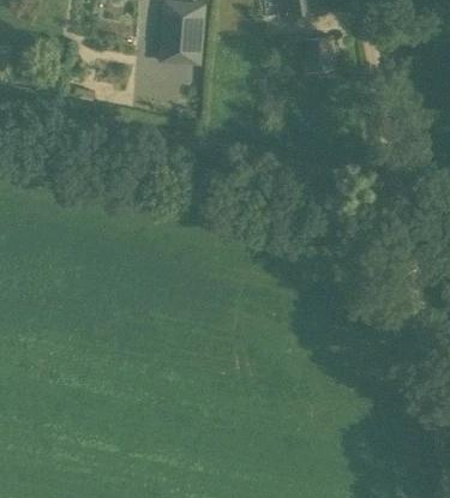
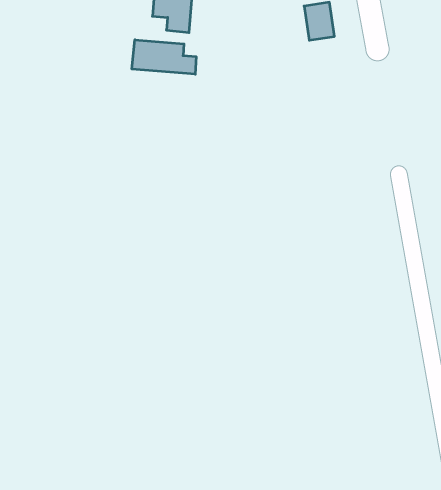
building: none -> [132,40,196,74]

